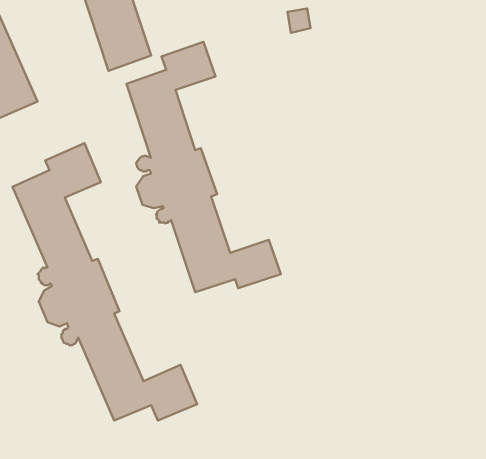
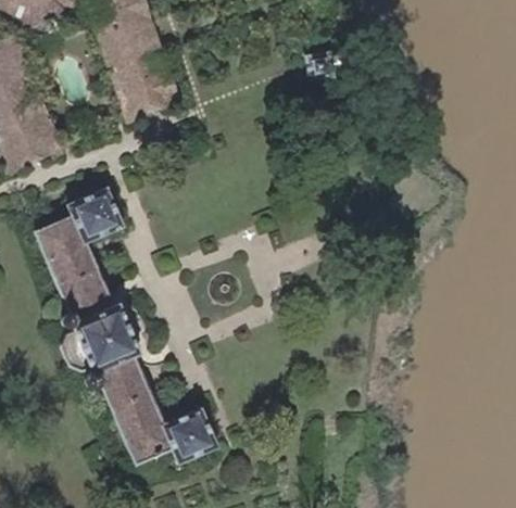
building: [127,42,281,292] -> none

